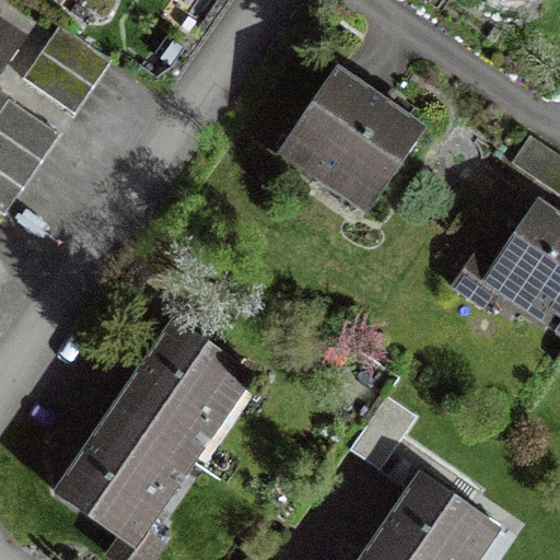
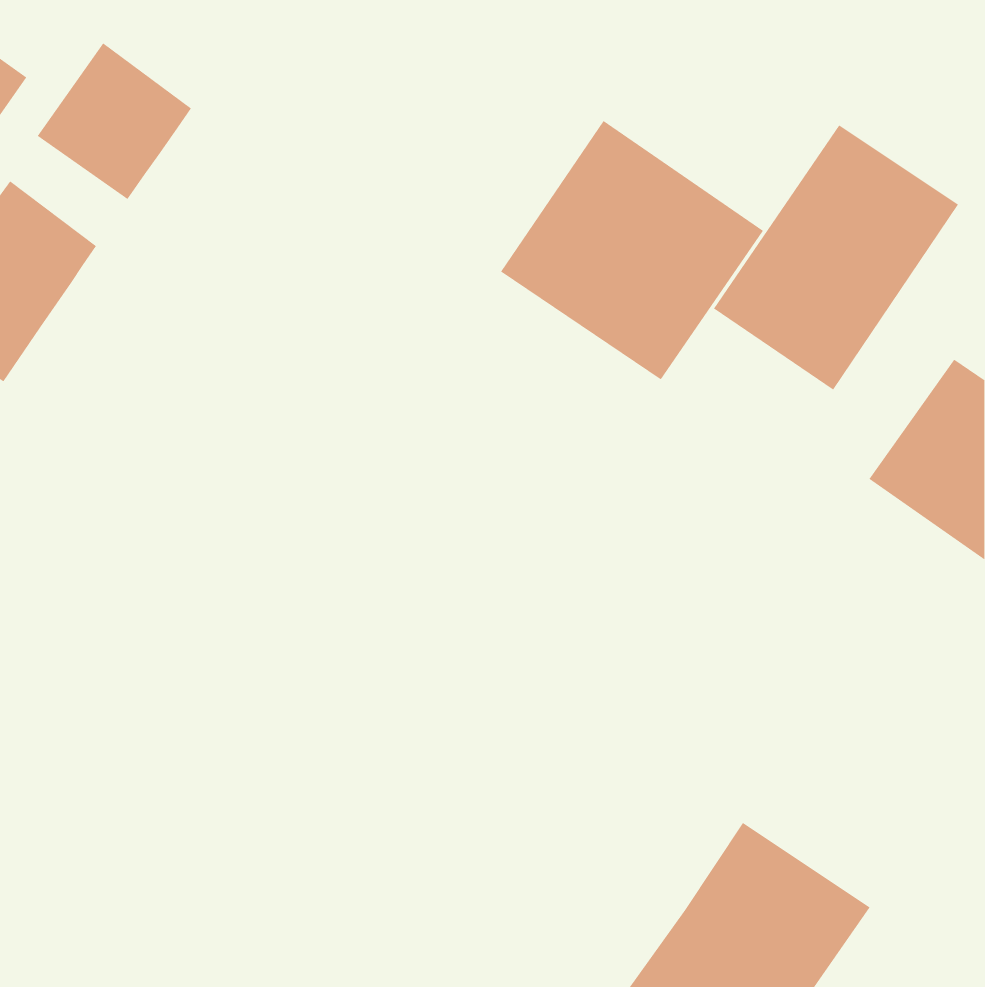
building: none -> [713,125,959,390]
building: [56,316,247,541] -> none

